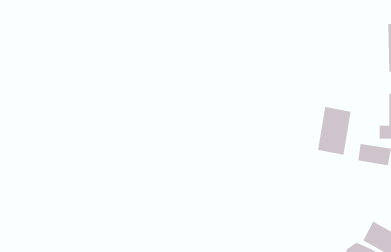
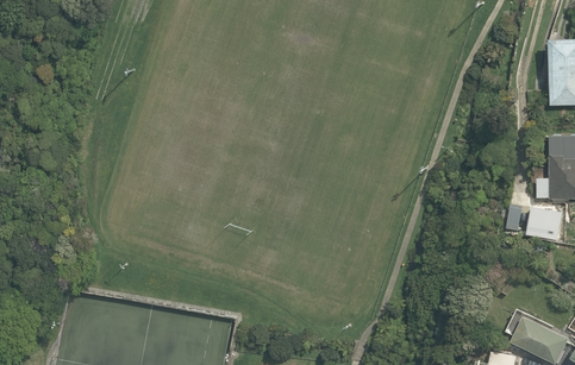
building: [318,106,351,156] -> none

